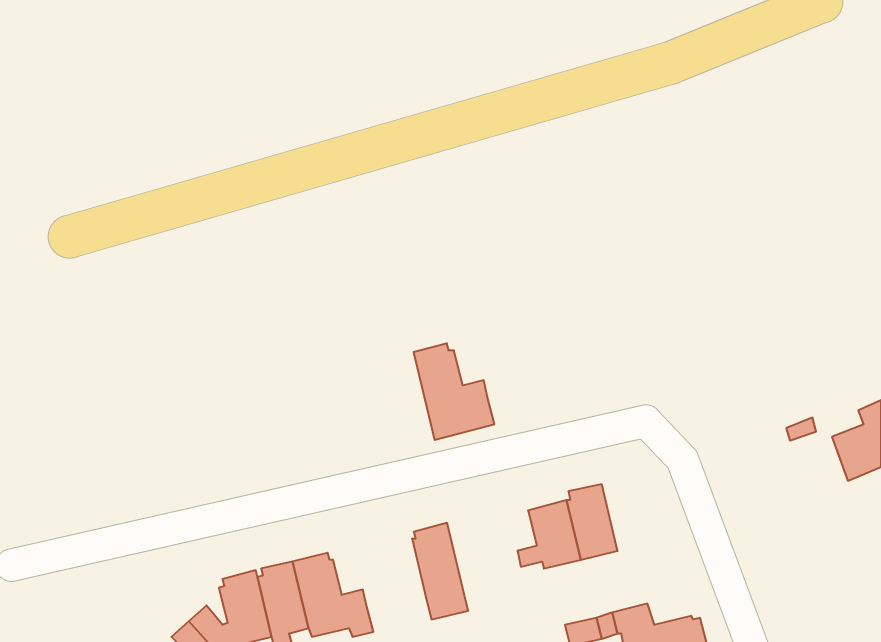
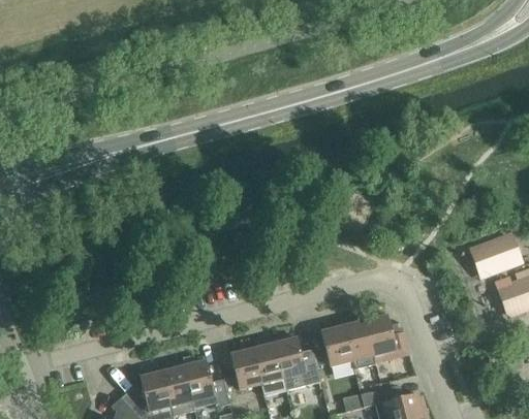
building: [414,343,494,440] -> [273,335,320,392]
building: none -> [471,237,520,278]
building: none -> [364,313,409,365]
building: none -> [223,350,260,391]

